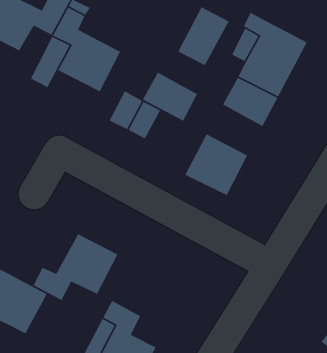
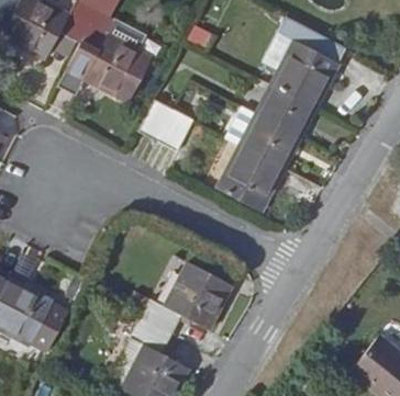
building: [177,6,230,66] -> none
building: [142,72,198,122] -> [238,115,298,168]
building: [33,233,119,301] -> [140,264,230,336]

